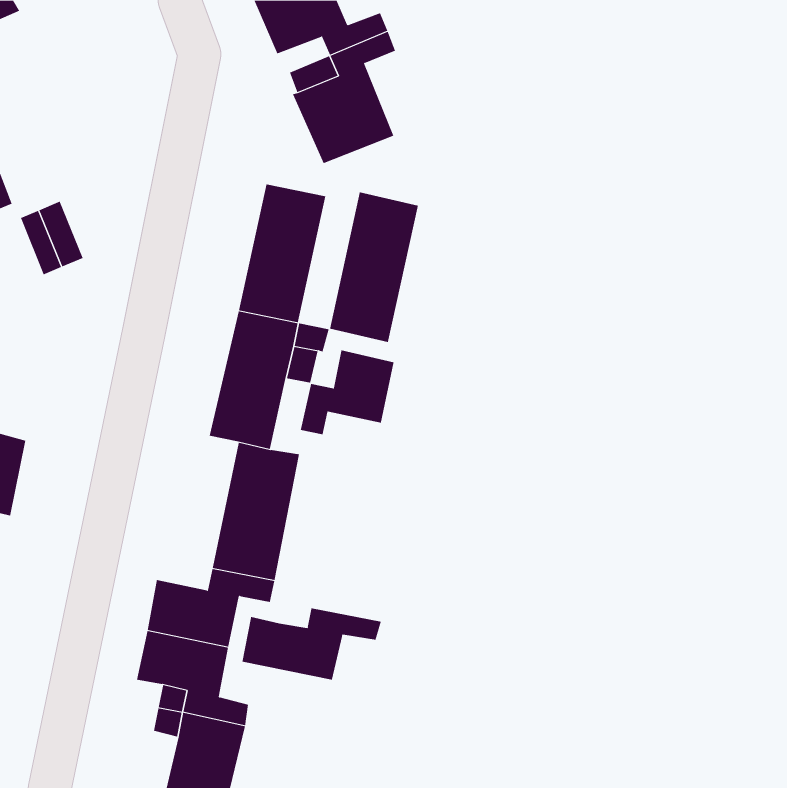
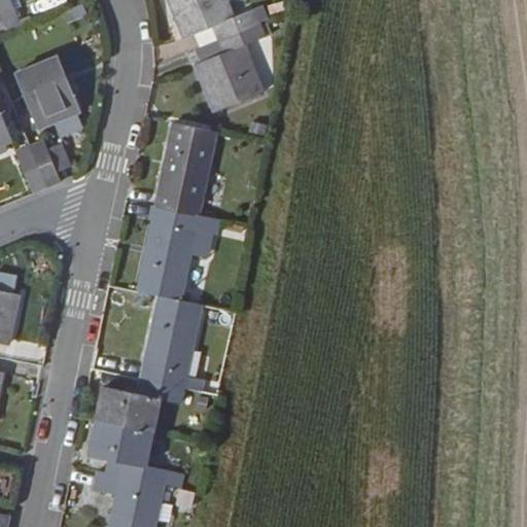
building: none -> [14,55,78,126]
building: [329,191,418,343] -> none
building: [300,350,394,435] -> none
building: [242,607,382,681] -> none

